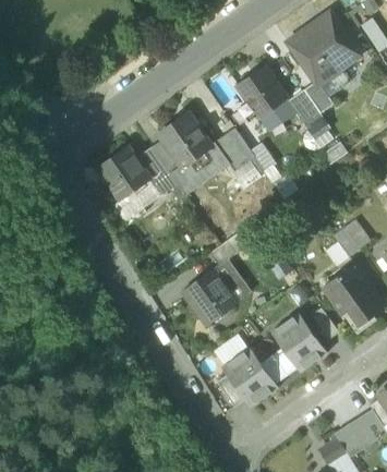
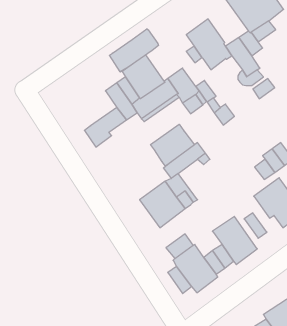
building: none -> [109,29,158,72]
building: [99,144,152,199] -> none
building: none -> [151,124,194,166]

